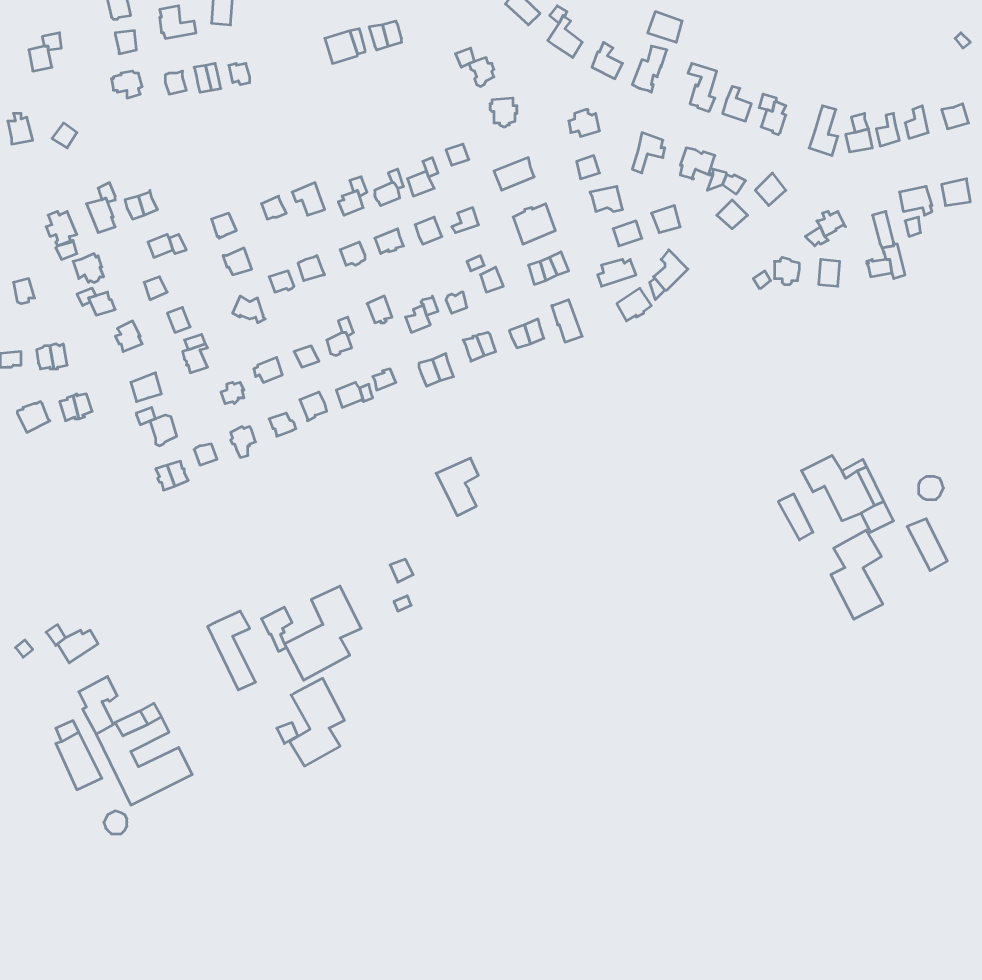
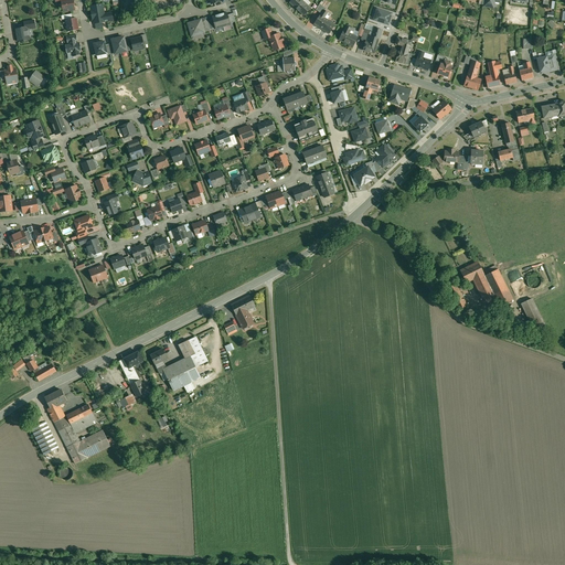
building: [436,458,478,516] -> [231,295,255,328]
building: [831,530,883,619] -> none
building: [290,678,344,766] -> none

